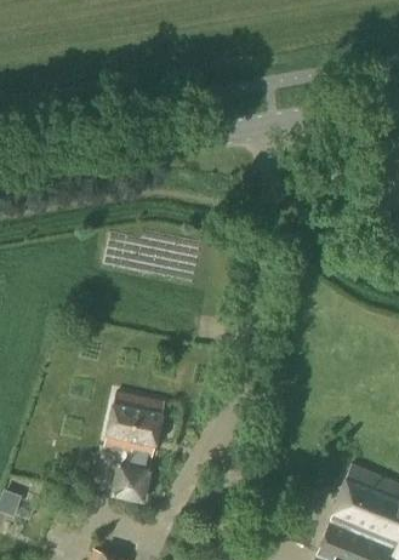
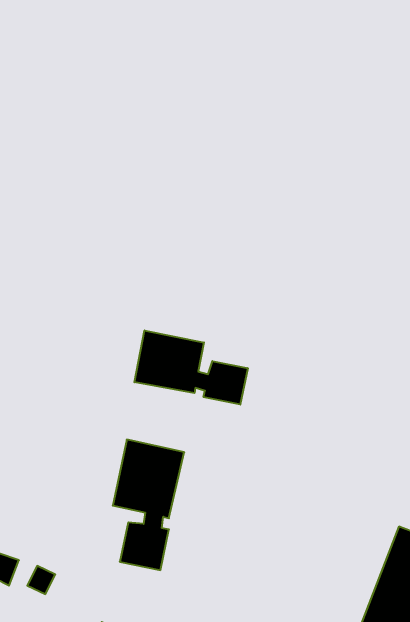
building: none -> [134,330,248,405]

